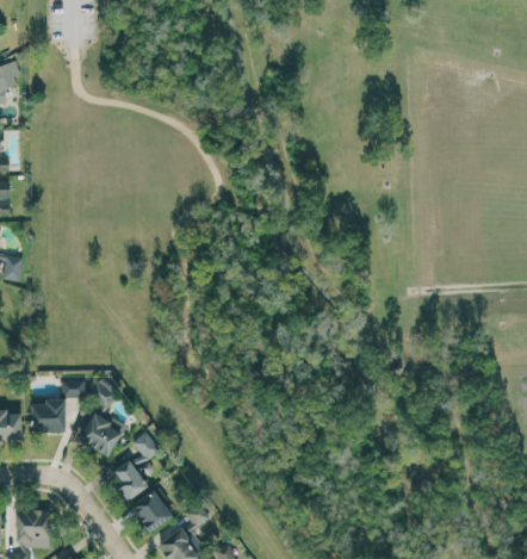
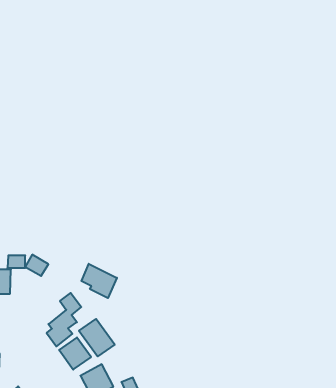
building: none -> [81,264,117,298]
building: [78,410,125,456] -> none
building: none -> [79,319,115,356]

